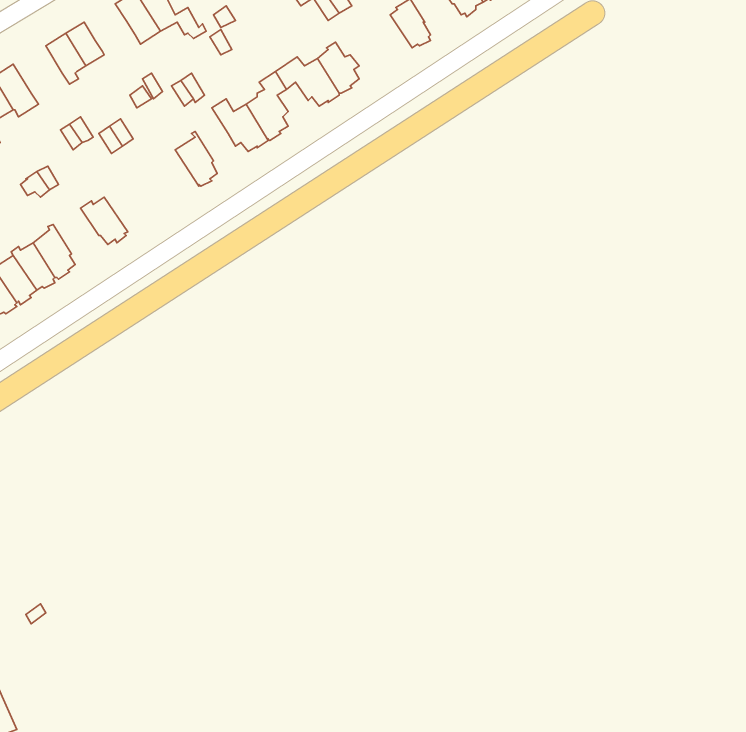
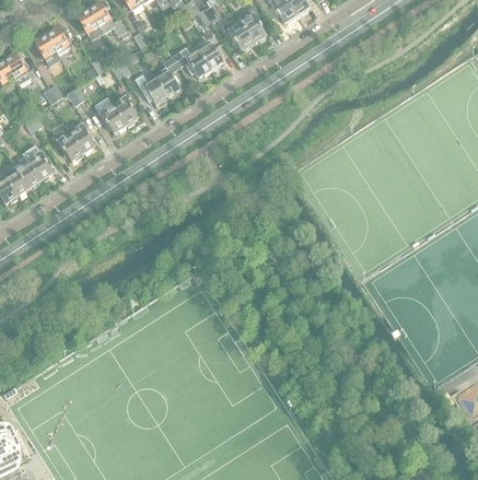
building: none -> [221,16,254,49]
building: none -> [96,102,126,131]
building: none -> [69,118,94,152]

